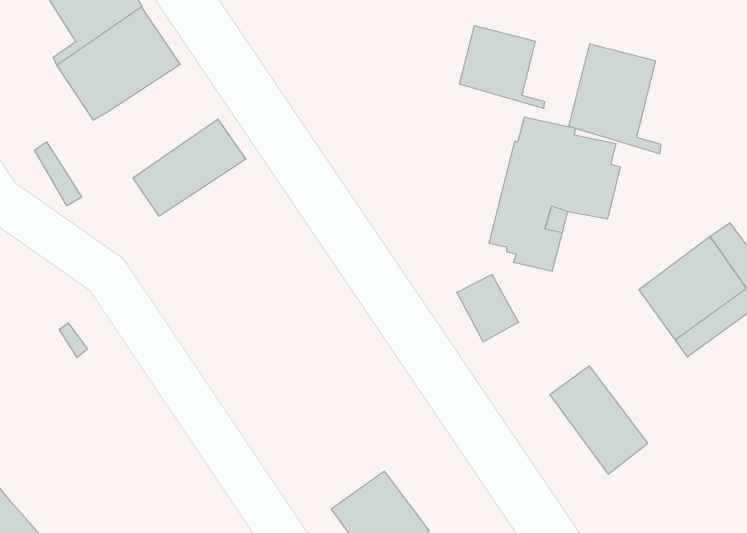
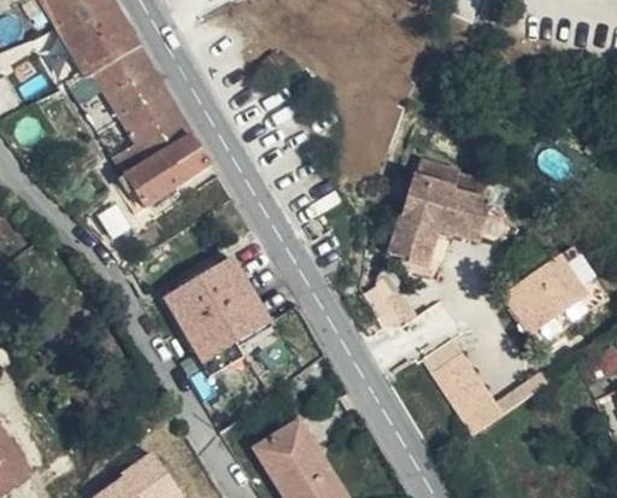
building: [460,26,544,108] -> none
building: [569,44,661,154] -> none
building: none -> [94,99,189,183]
building: none -> [170,260,269,380]

